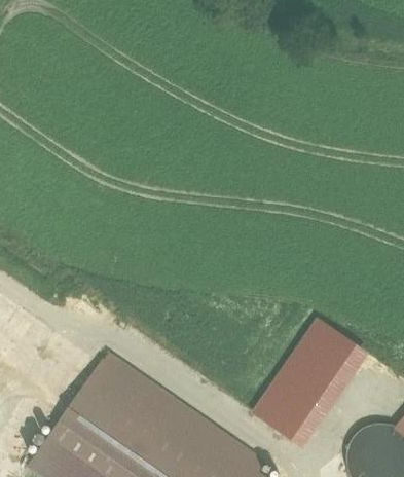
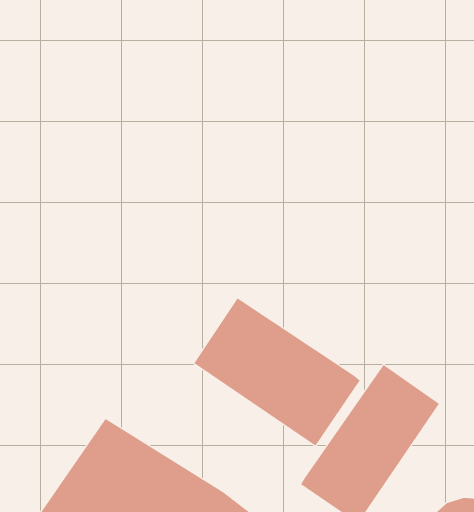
building: none -> [194,298,361,447]

